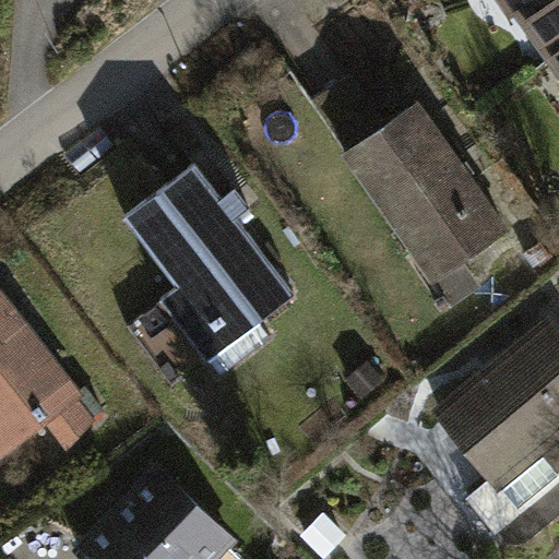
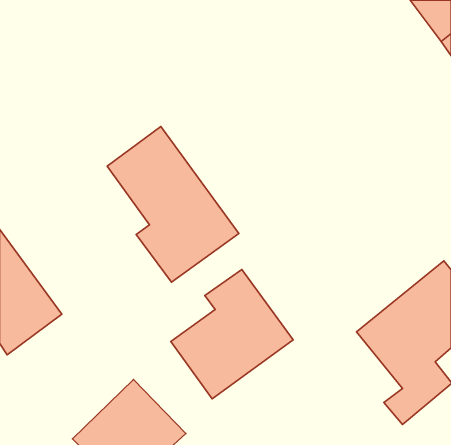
building: [346,110,502,312] -> none
building: none -> [171,269,293,399]

